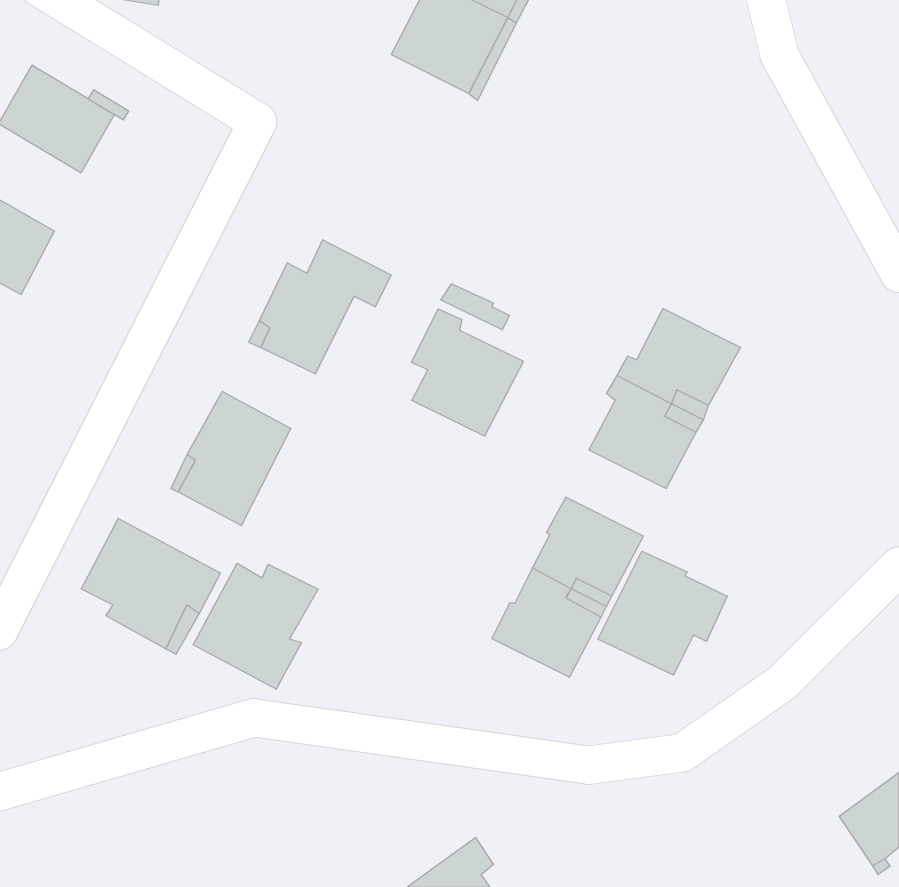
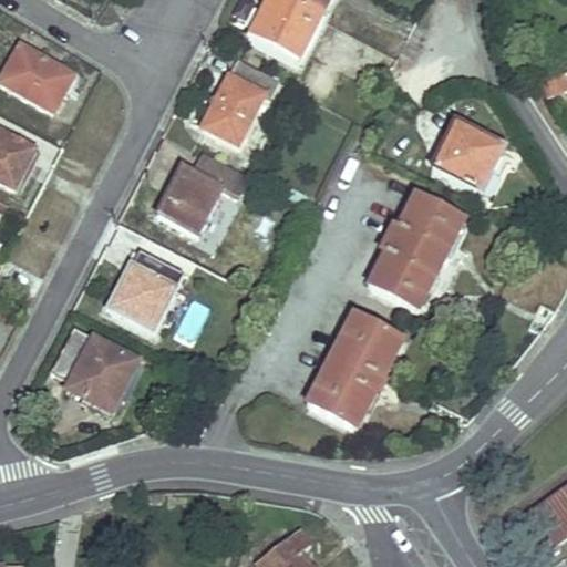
building: none -> [202,55,278,144]
building: none -> [432,121,503,190]
building: [411,309,523,436] -> none
building: [598,551,727,675] -> none
building: [193,563,318,689] -> none

